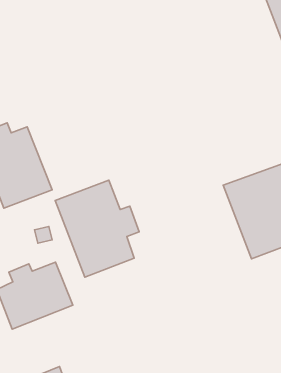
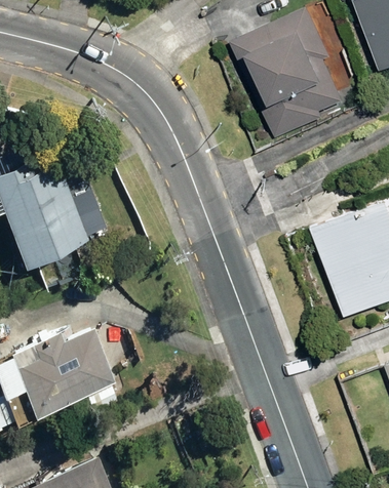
building: none -> [230,13,335,136]
building: [55,180,139,277] -> none

